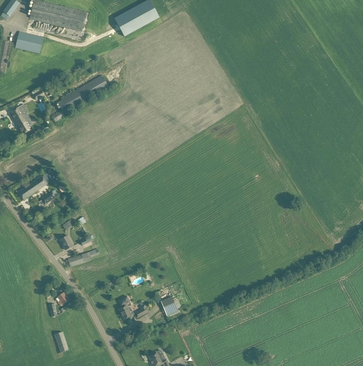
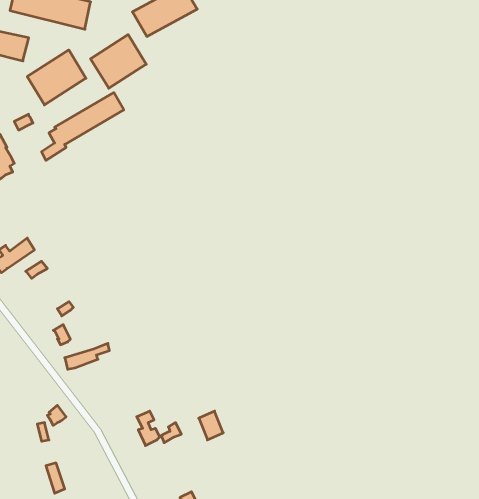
building: none -> [91,35,146,88]
building: none -> [27,50,86,105]

